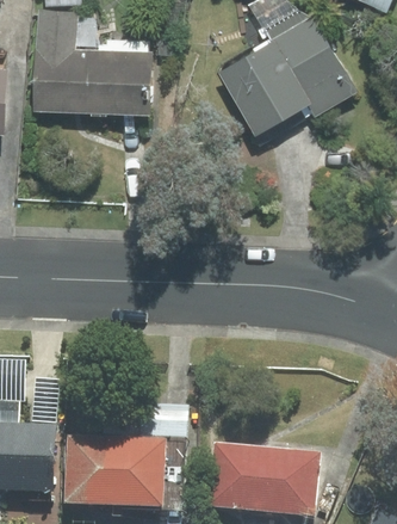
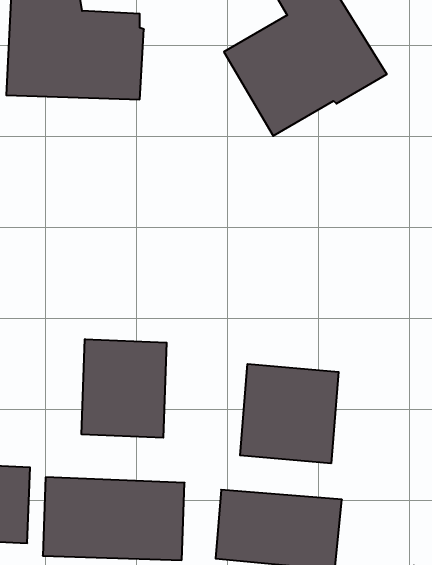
building: none -> [82,339,167,438]
building: none -> [240,364,339,463]

